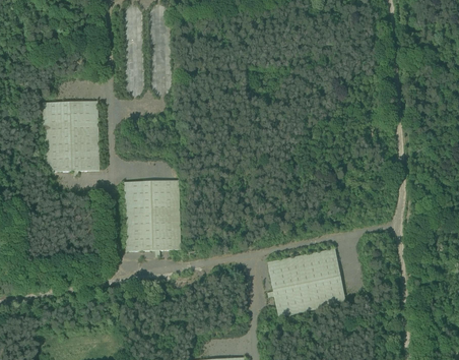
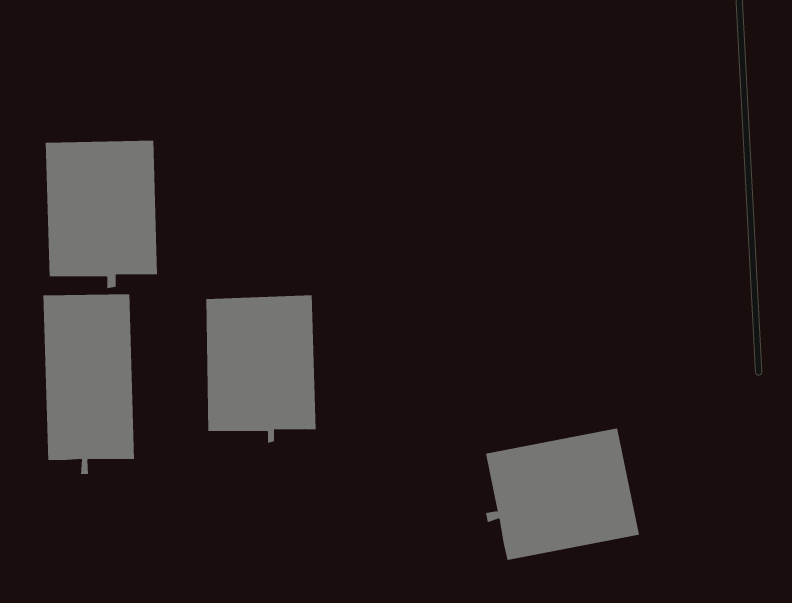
building: none -> [43,294,135,475]

